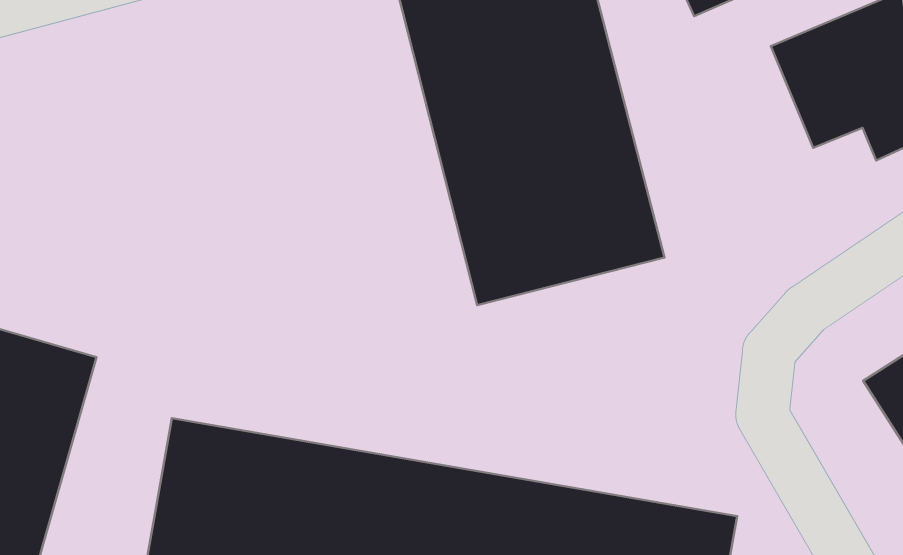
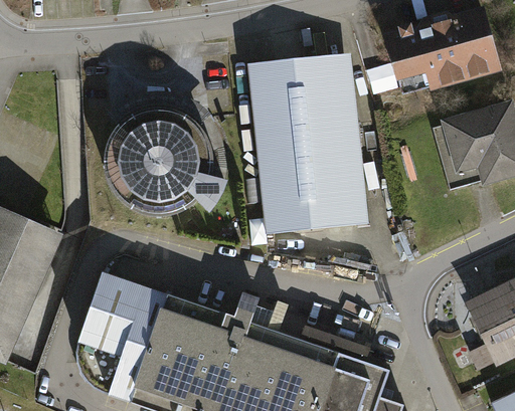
building: none -> [106,100,232,217]

